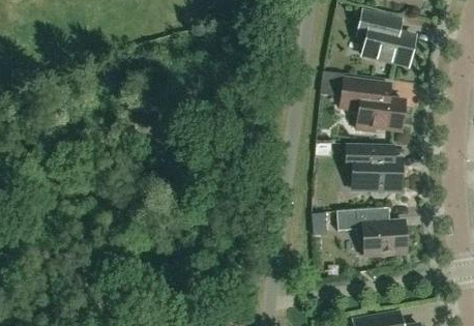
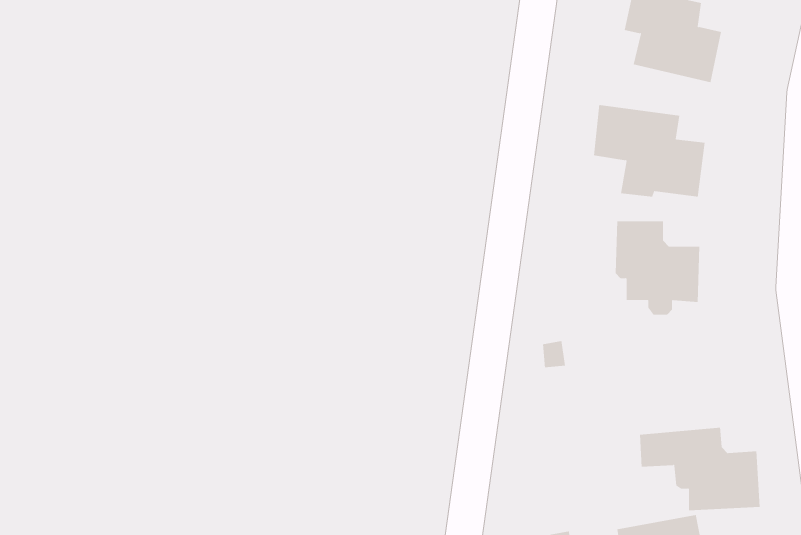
building: [336,207,406,255] -> [639,427,761,511]

